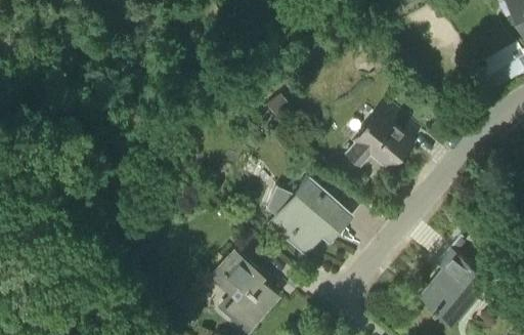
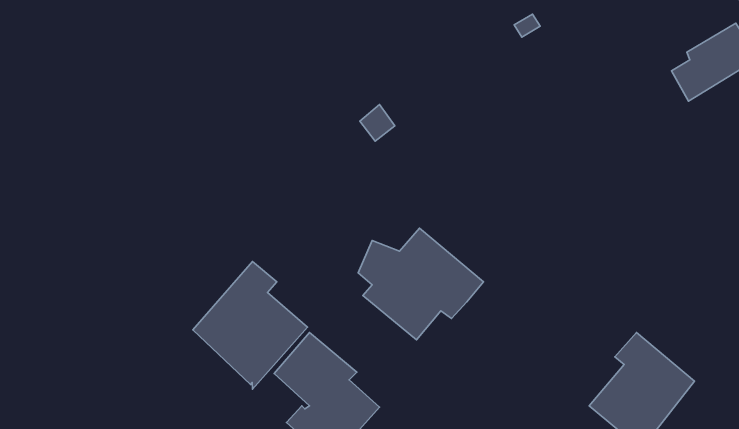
building: [344,102,418,169] -> none
building: none -> [193,261,308,389]

